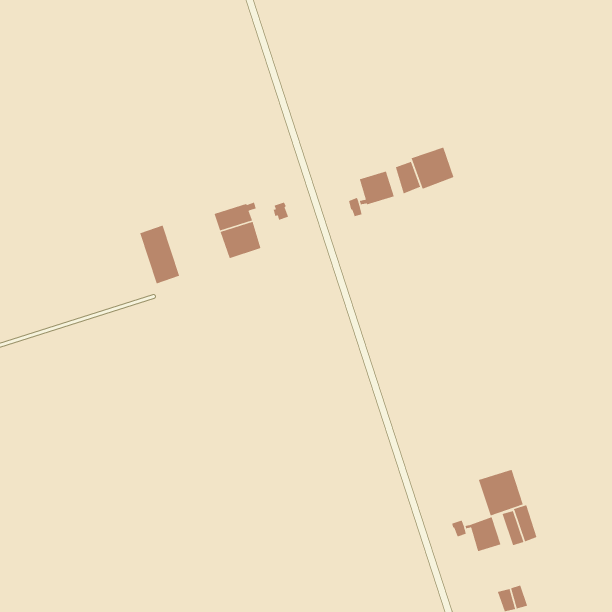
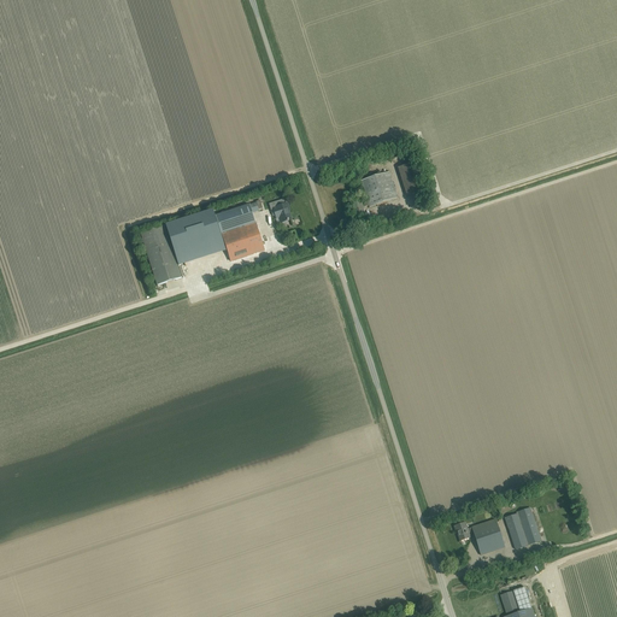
building: [411,146,455,190] -> none
building: none -> [165,210,222,254]
building: [478,469,524,517] -> none

